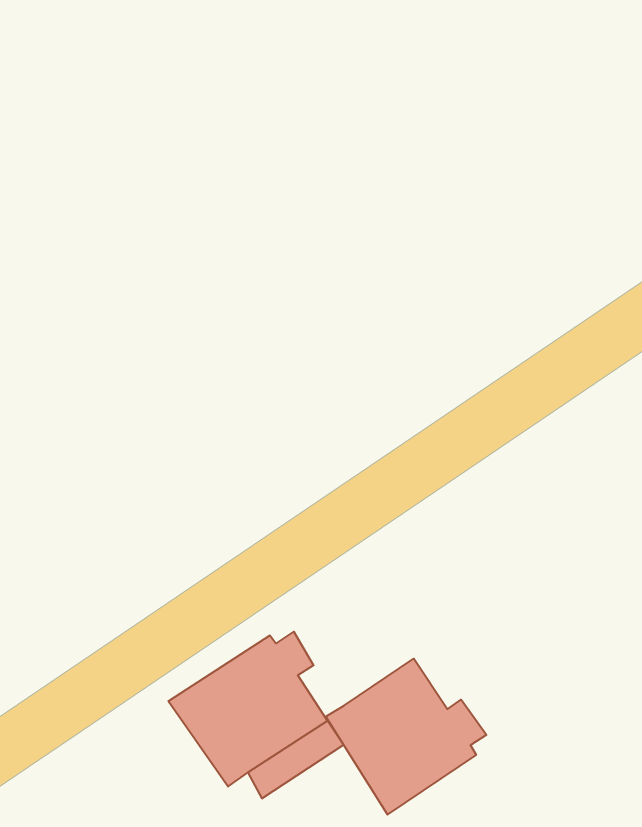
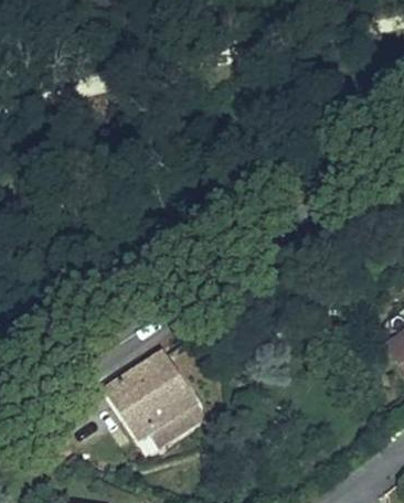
building: [326,659,486,815] -> none

